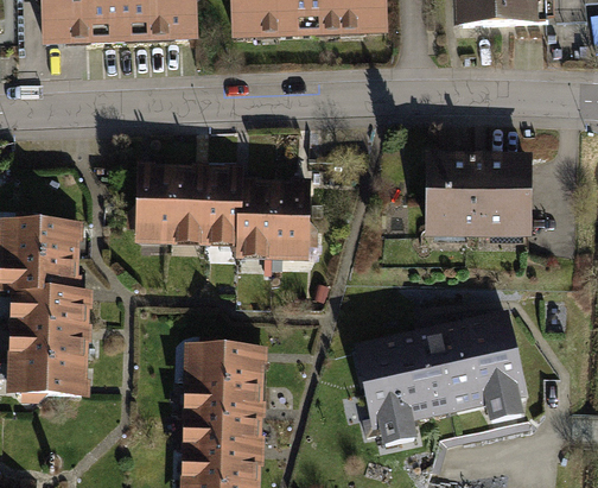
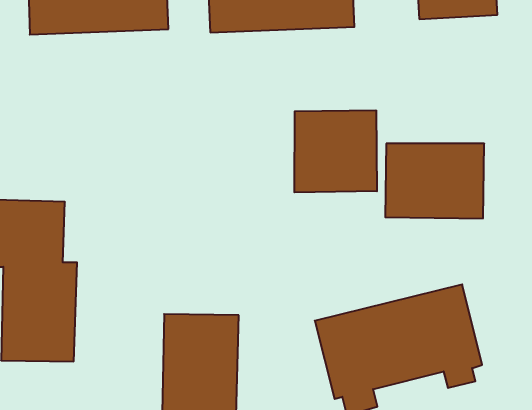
building: none -> [294,110,377,192]
building: [138,166,310,260] -> none

